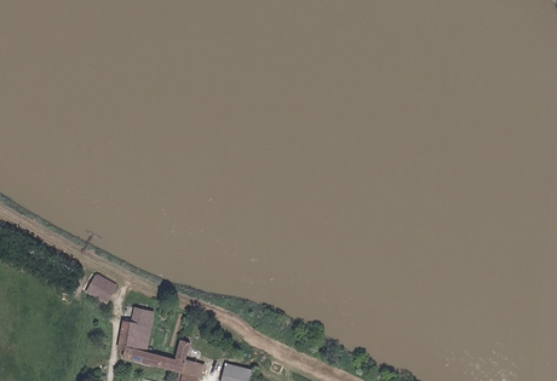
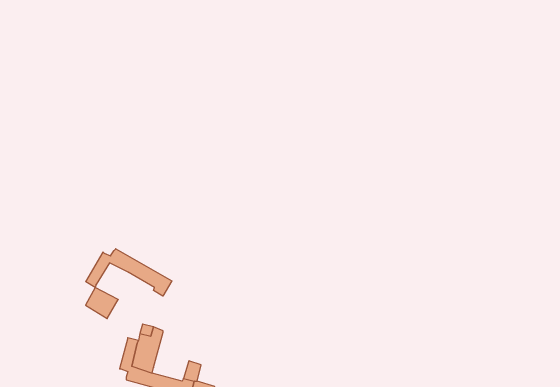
building: none -> [86,249,172,296]

